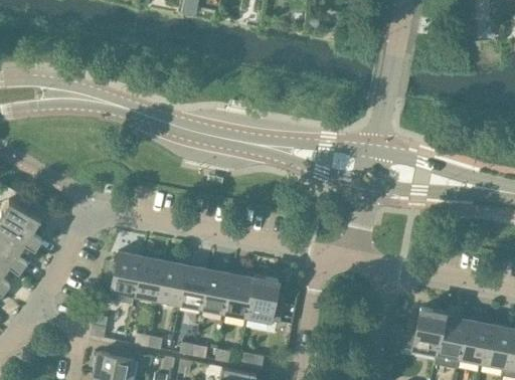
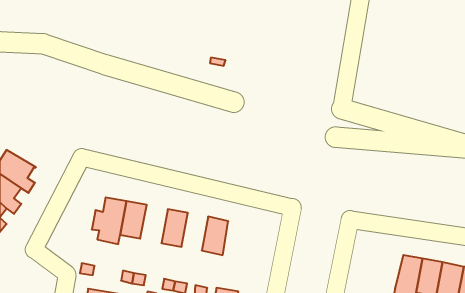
building: [157,260,187,303] -> none
building: [202,269,231,311] -> none
building: [247,275,284,322] -> none
building: [405,308,447,352] -> none

